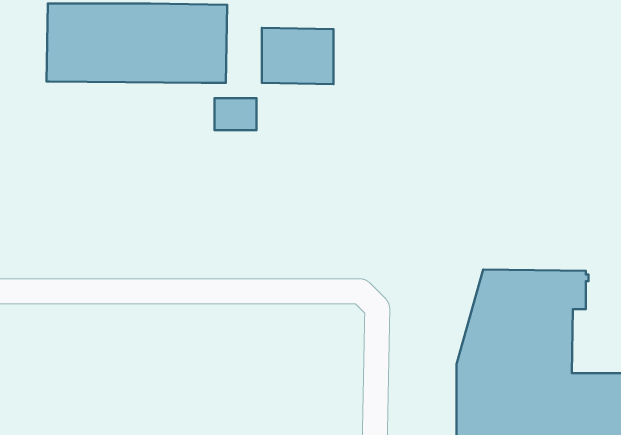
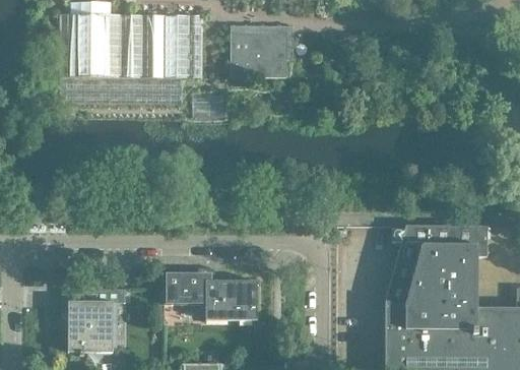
building: none -> [61,76,183,105]
building: none -> [165,268,258,320]
building: none -> [68,289,125,353]

